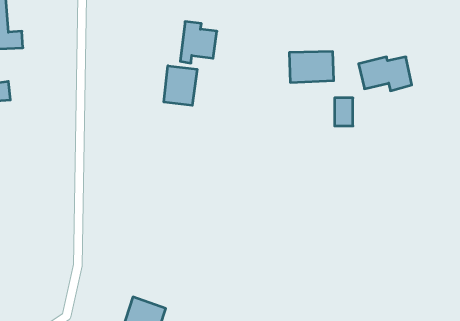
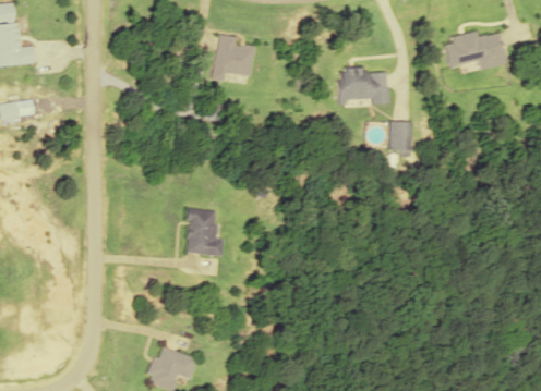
building: [359,57,412,91] -> [444,32,504,70]
building: [164,66,197,105] -> none
building: none -> [184,209,224,256]

